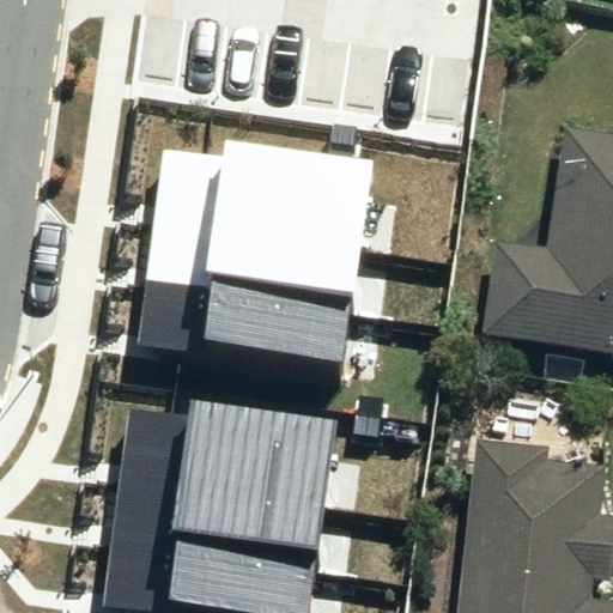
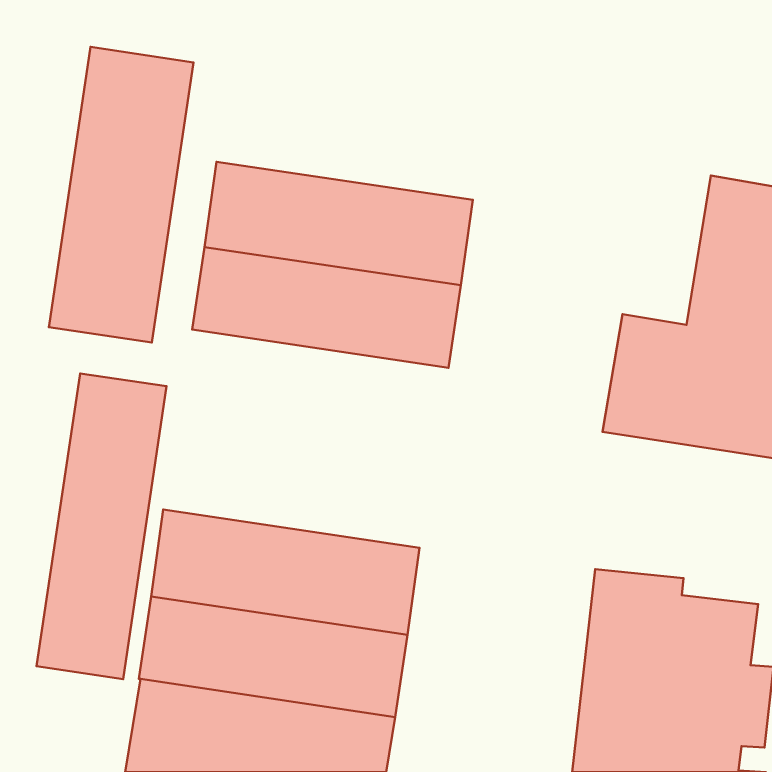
building: none -> [49,47,194,343]
building: [146,259,358,363] -> none
building: none -> [36,373,167,679]

